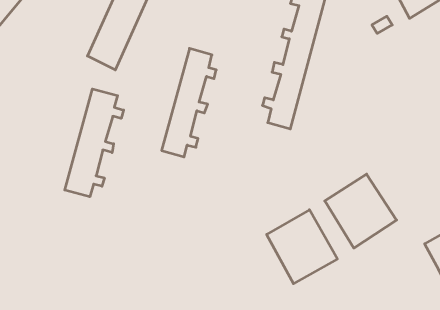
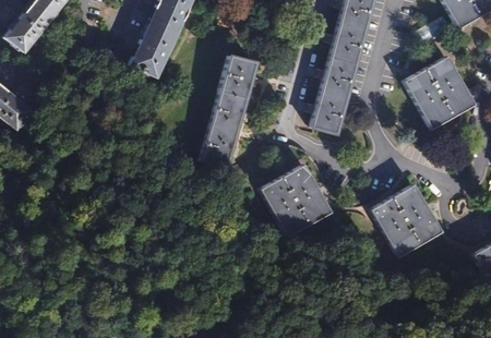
building: none -> [405,56,478,128]
building: [65,89,124,197] -> none
building: [267,210,337,284] -> [262,162,334,238]

